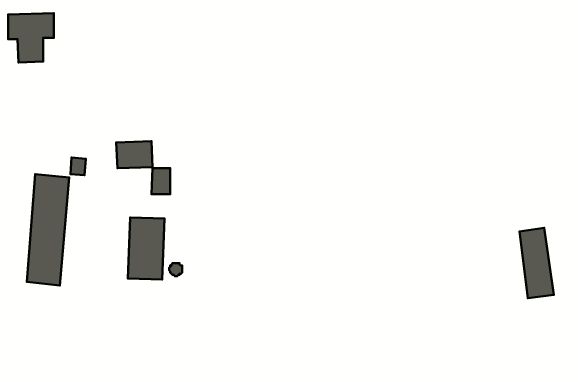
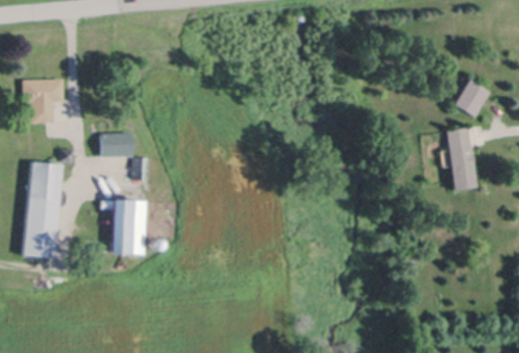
building: [8,13,54,63] -> [22,79,62,121]
building: none -> [455,80,488,115]
building: [520,228,554,298] -> [449,130,478,191]

